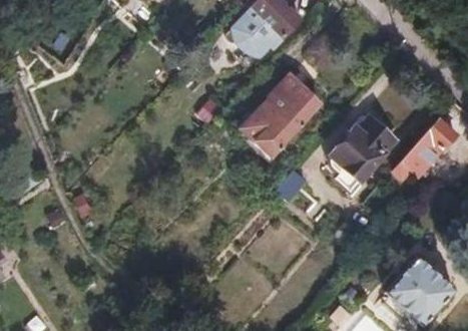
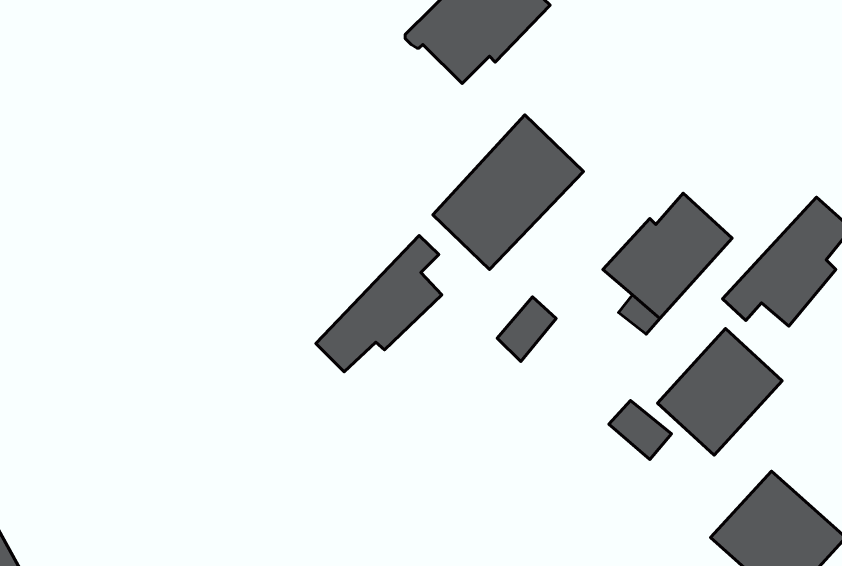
building: none -> [316,236,442,372]
building: none -> [657,328,782,455]

